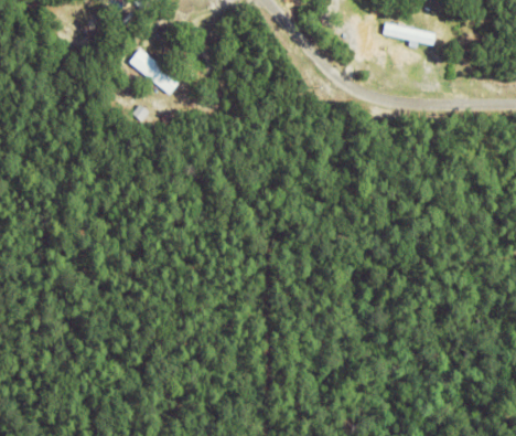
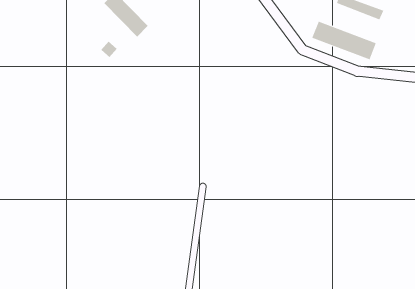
building: none -> [312,21,377,60]

